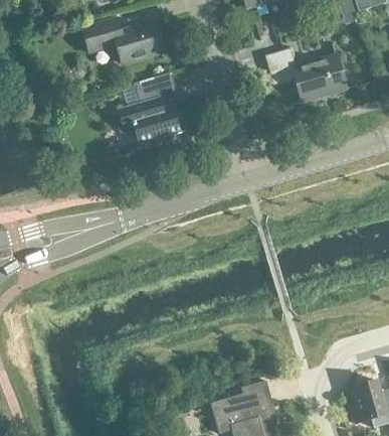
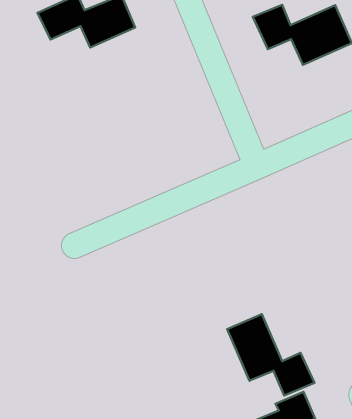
building: [117,72,186,145] -> none
building: none -> [227,314,314,395]

